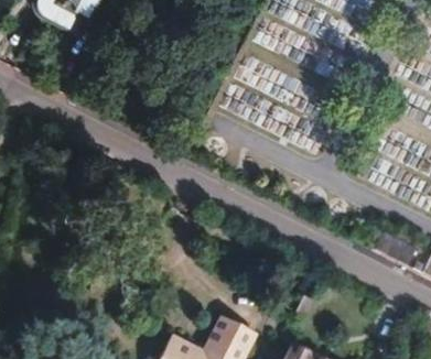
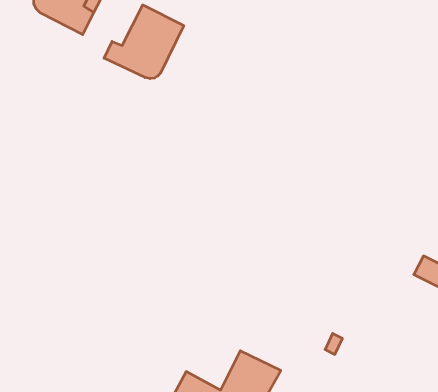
building: none -> [104,5,184,79]

